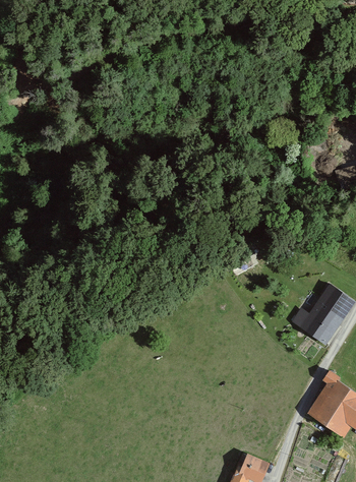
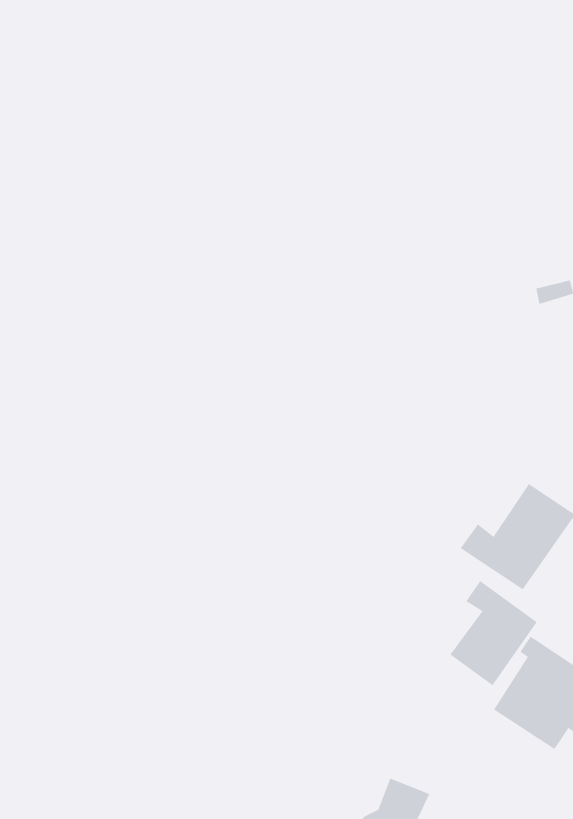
building: none -> [449,580,538,686]

